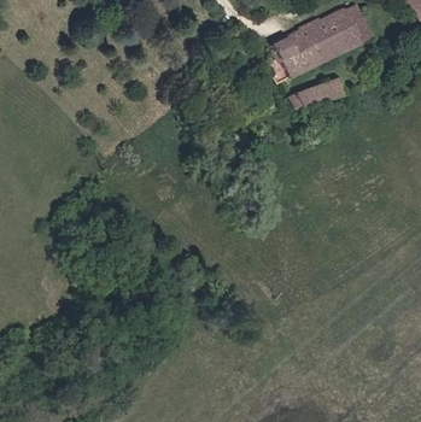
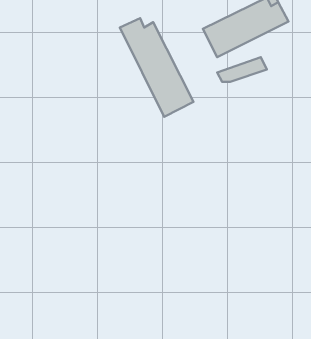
building: none -> [120,18,194,117]

